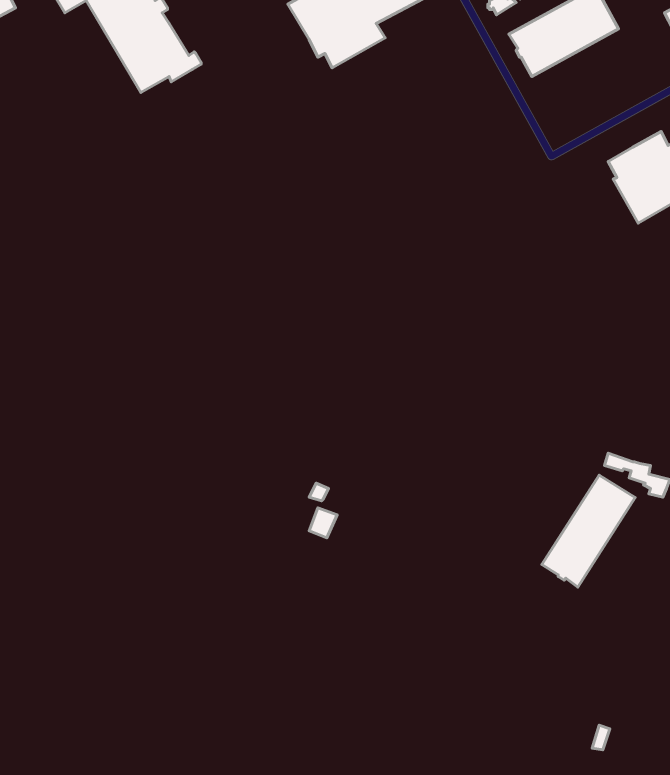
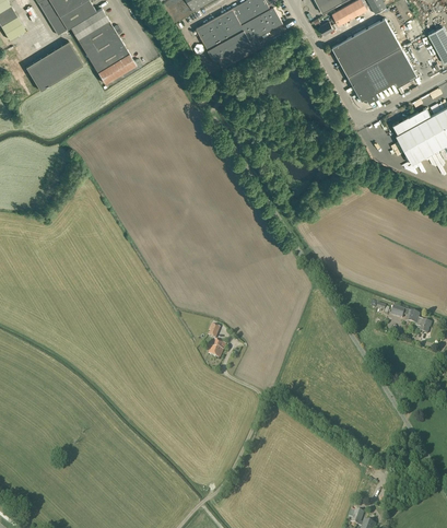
building: none -> [26,40,83,90]
building: none -> [346,44,417,102]
building: [542,475,635,587] -> none

